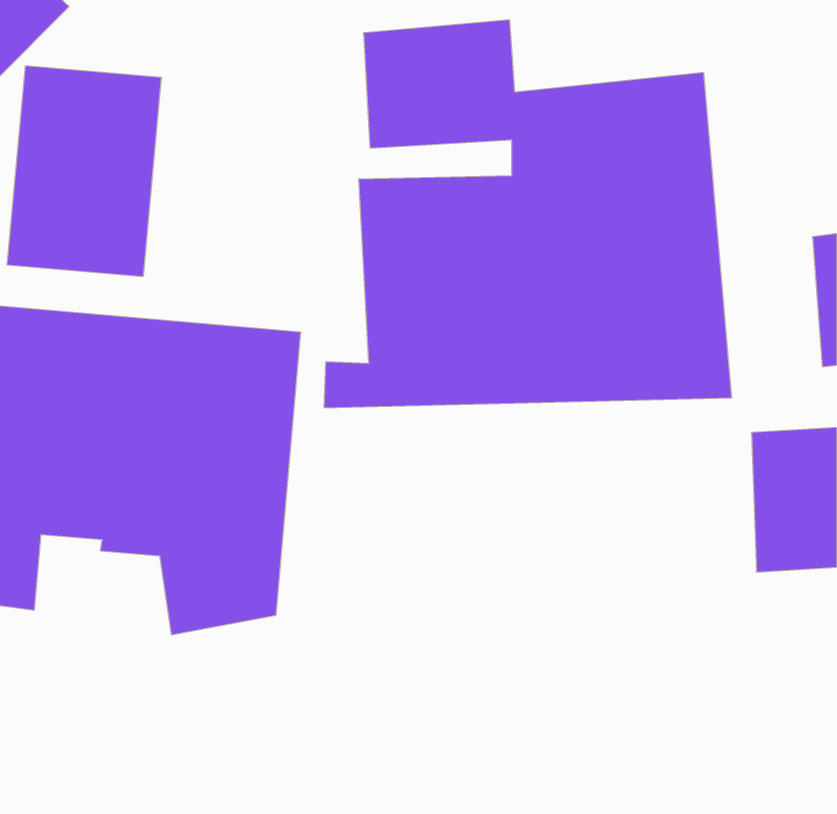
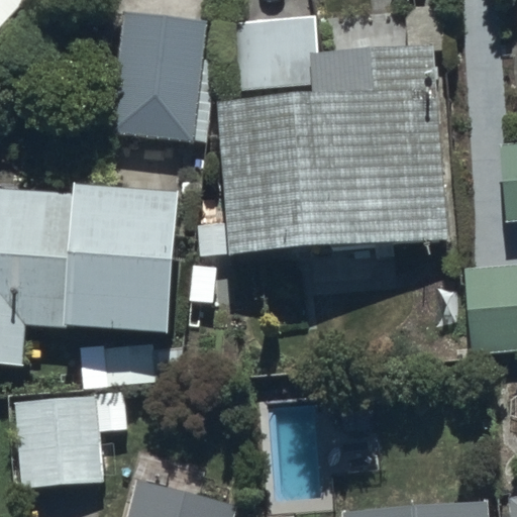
building: [7,66,162,276] -> [112,15,207,144]
building: none -> [10,396,104,490]

